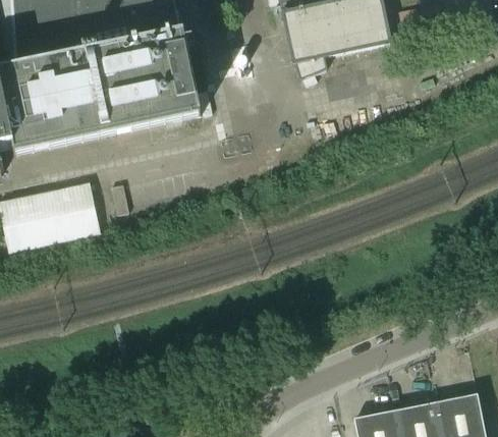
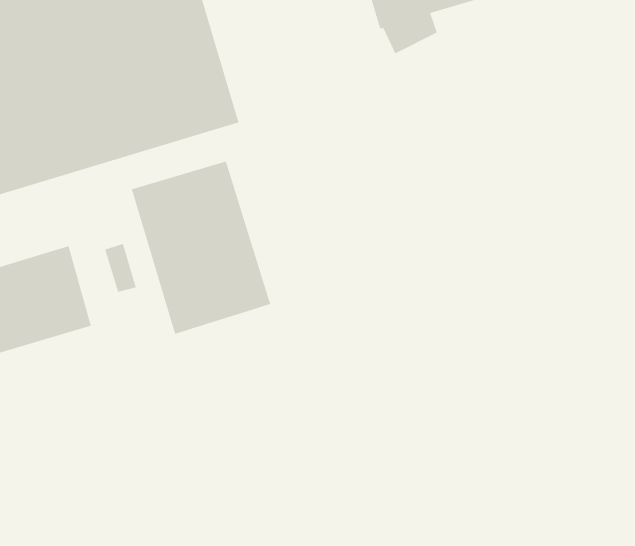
building: none -> [131,161,271,335]

